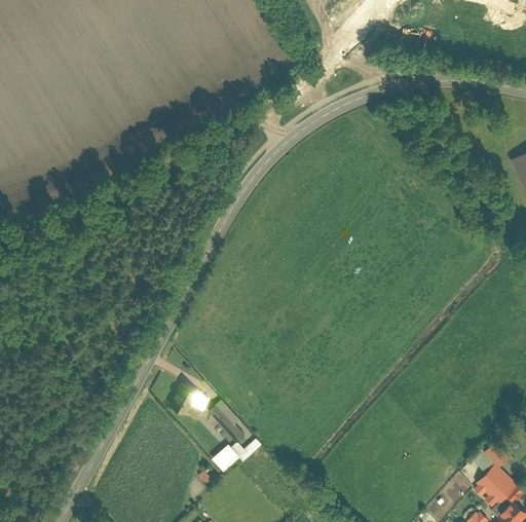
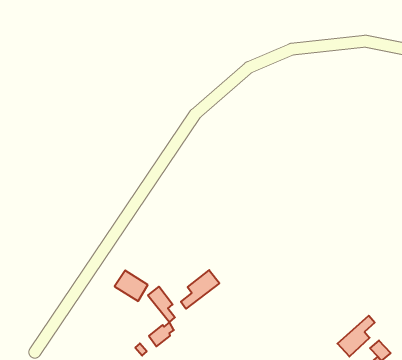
building: none -> [181,270,219,309]
building: none -> [337,316,375,357]

